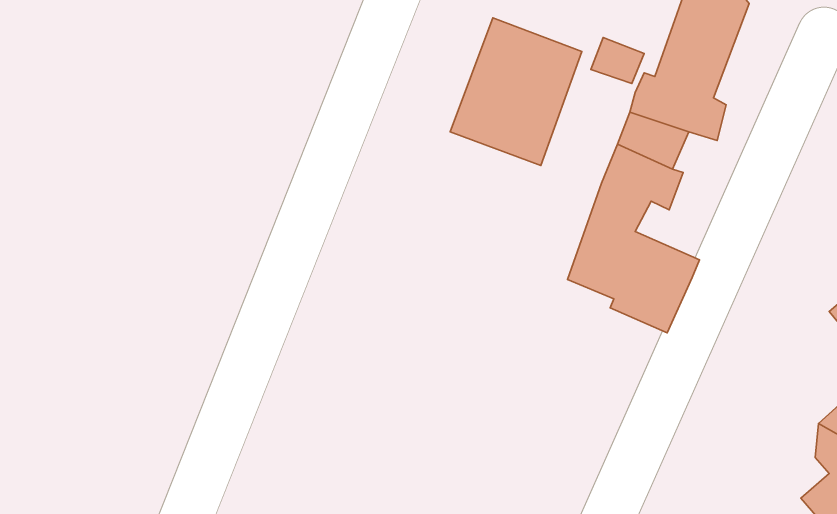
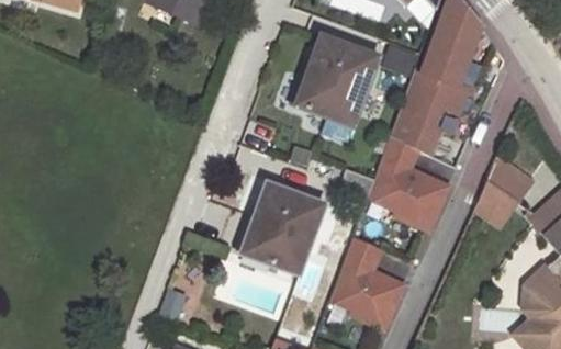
building: none -> [476,158,528,225]
building: none -> [243,183,323,272]
building: none -> [332,237,404,328]

